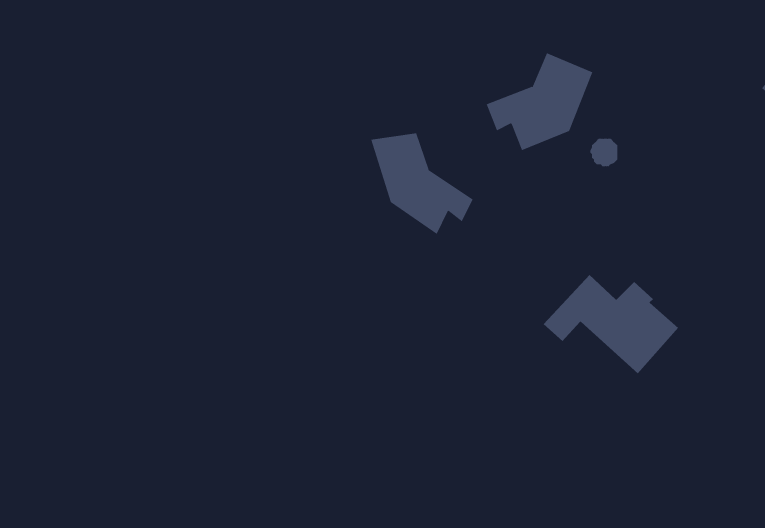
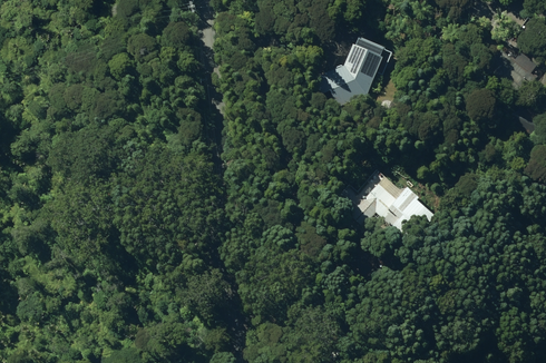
building: [371,133,473,235] -> none

